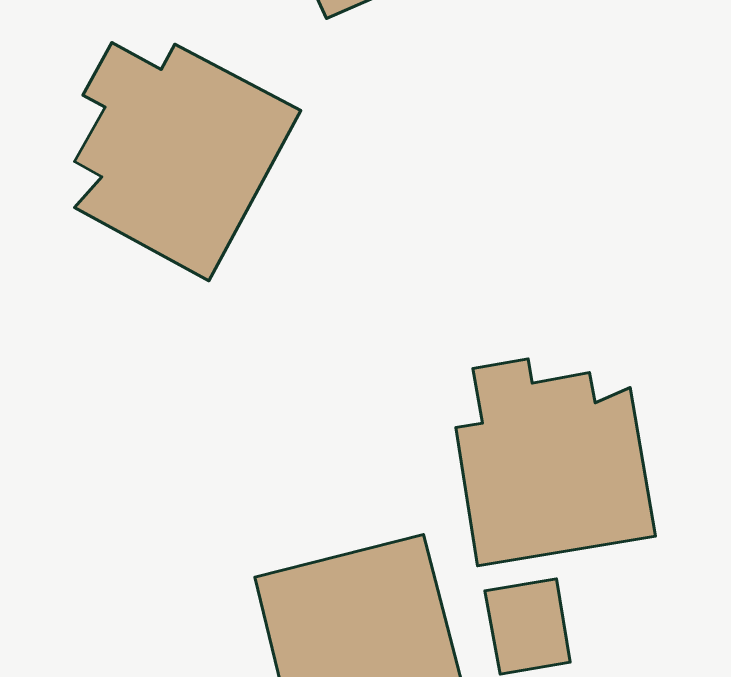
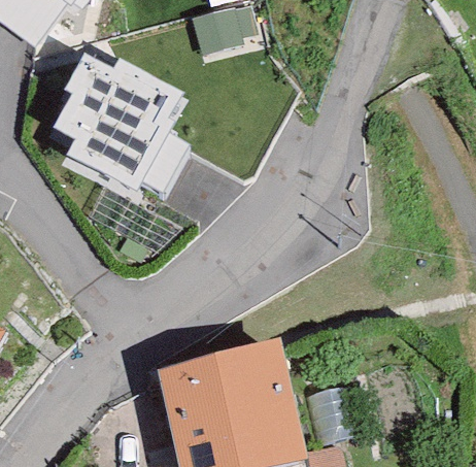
building: [456,359,655,566] -> none

